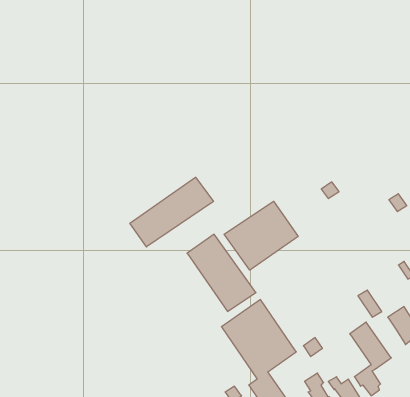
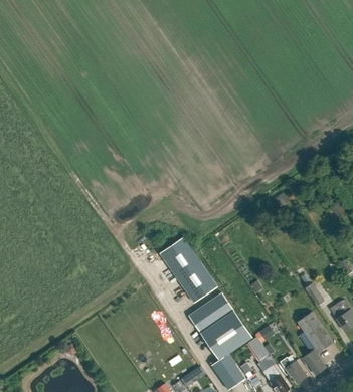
building: [130,177,213,247] -> none
building: [224,201,298,270] -> none

